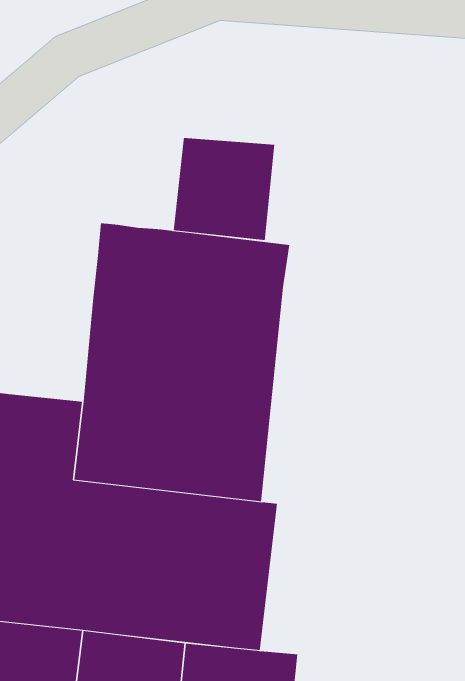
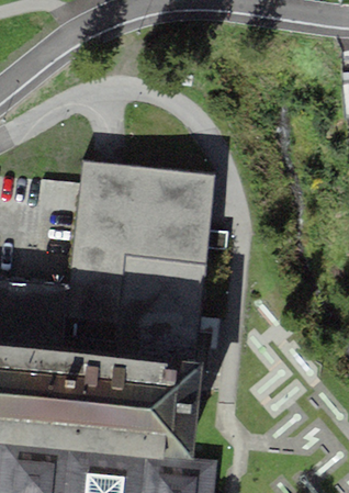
building: [173,137,275,241] -> none

